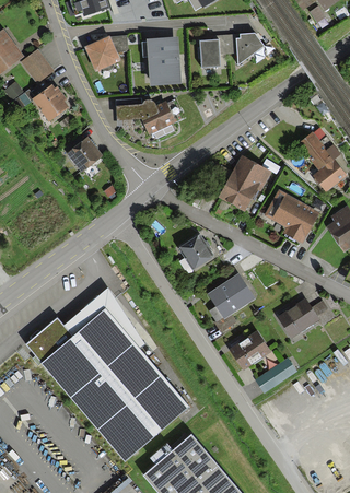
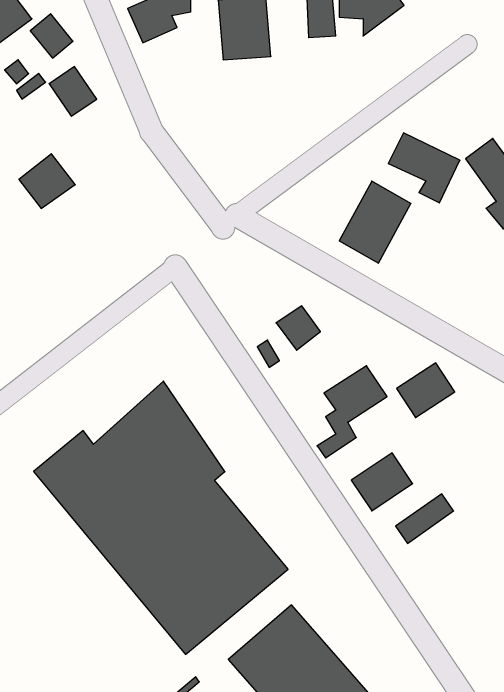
building: [117,102,173,133] -> none
building: [67,134,103,169] -> [19,154,75,208]
building: [270,192,316,237] -> [388,133,460,203]
building: [280,301,317,336] -> [397,363,455,418]

